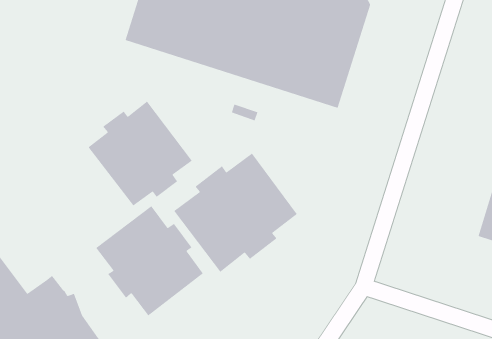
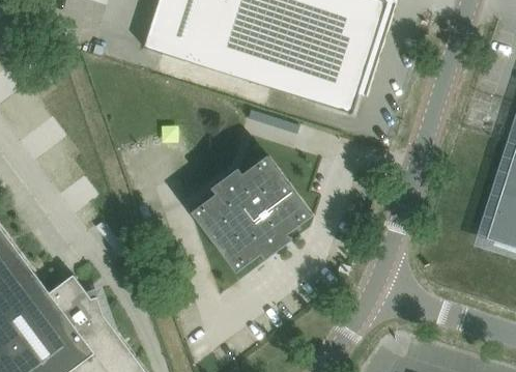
building: [87,101,193,207] -> none
building: [95,205,204,317] -> none

